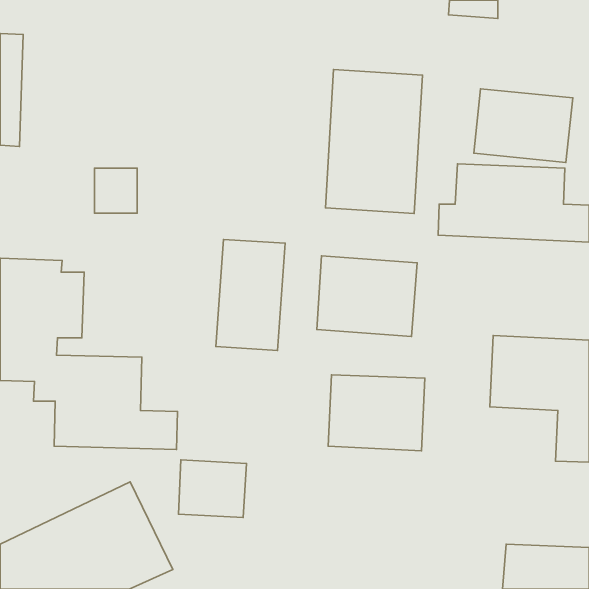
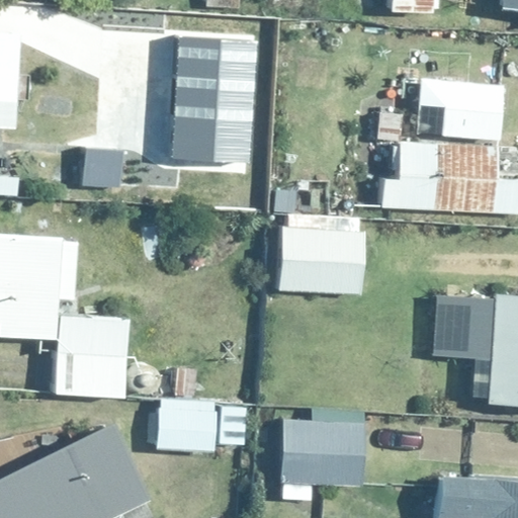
building: [326,70,422,214] -> [173,36,258,163]
building: [216,239,285,350] -> none
building: [328,375,425,451] -> [279,420,364,487]

